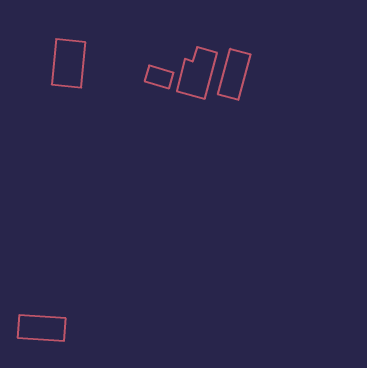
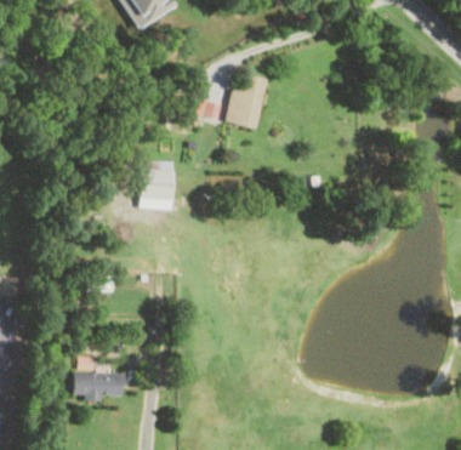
building: [52,39,85,88] -> [141,160,173,210]
building: [218,49,251,100] -> none

